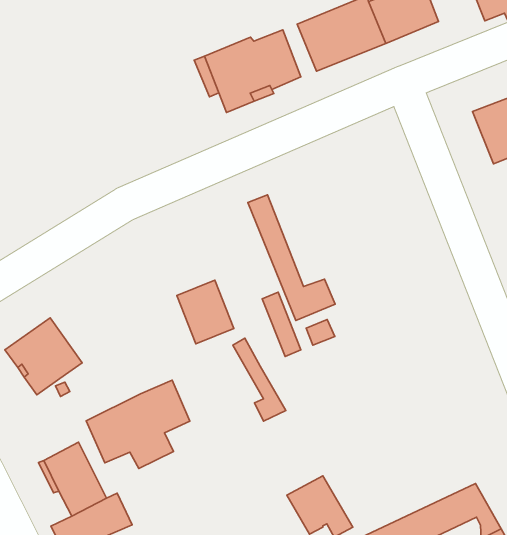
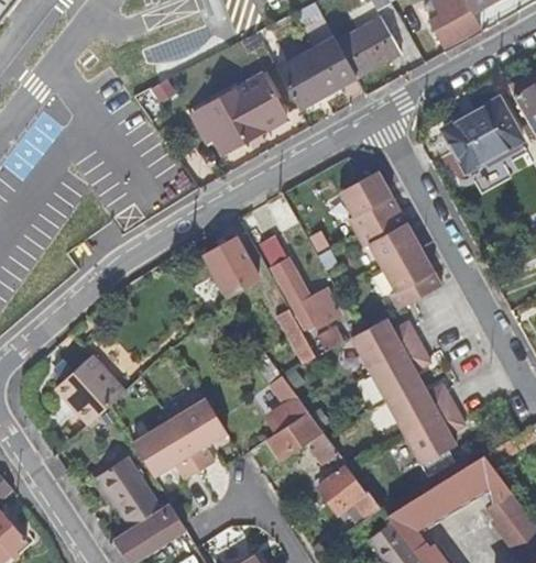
building: none -> [340,172,442,309]
building: [177,280,234,344] -> [206,238,260,296]
building: none -> [351,319,466,464]
building: none -> [267,411,339,462]

